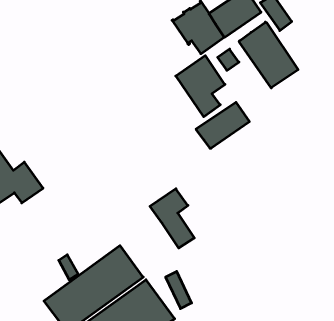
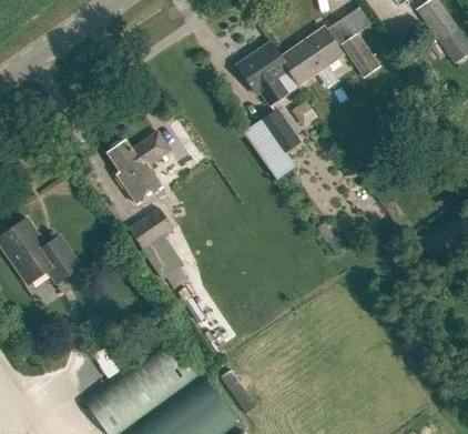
building: [239,22,298,88] -> none
building: none -> [109,131,171,203]
building: [196,102,249,148] -> none
building: [150,189,194,248] -> [129,208,182,279]

